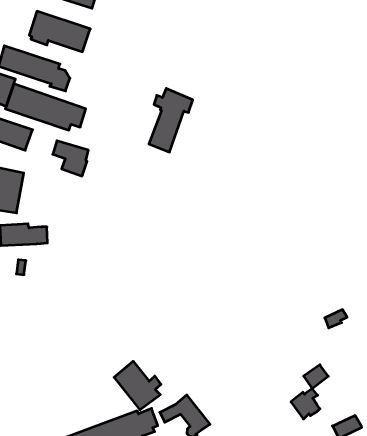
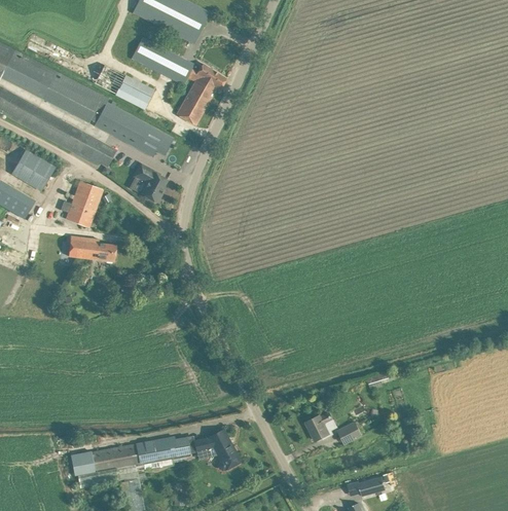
building: [149,88,193,152] -> [176,63,225,124]
building: [114,361,161,410] -> none
building: [291,389,320,419] -> [305,412,332,440]

